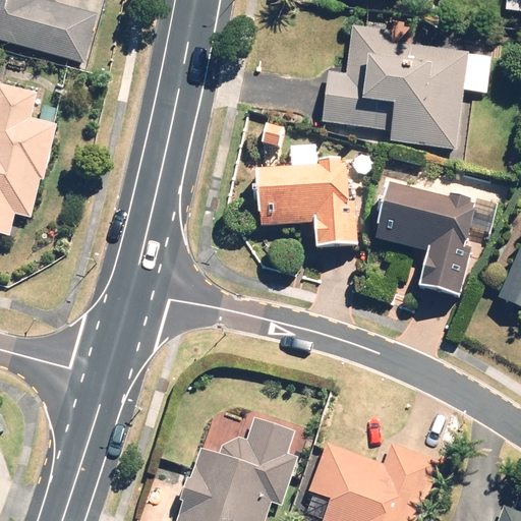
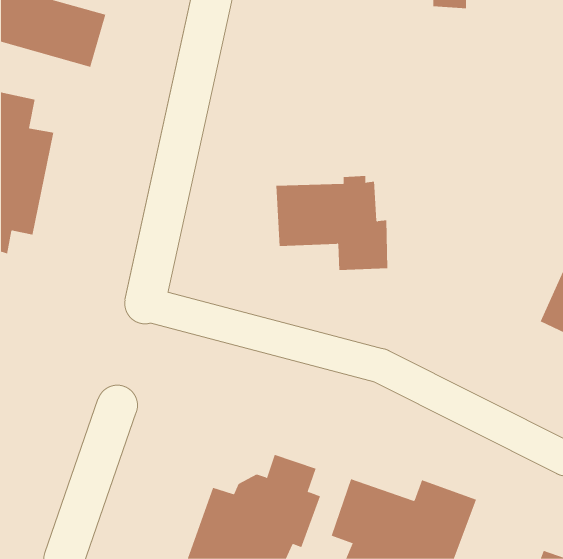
building: [321,24,490,149] -> none
building: [372,187,472,296] -> none

